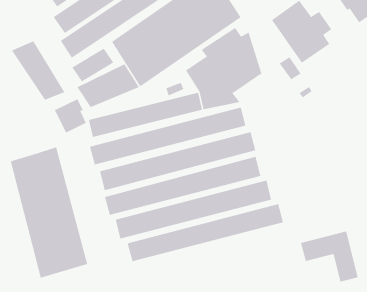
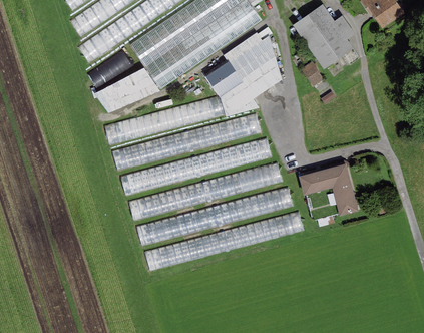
building: [11,41,65,101] -> none
building: [54,99,87,133] -> none
building: [10,146,88,278] -> none
building: [300,231,359,282] -> [298,162,357,215]

